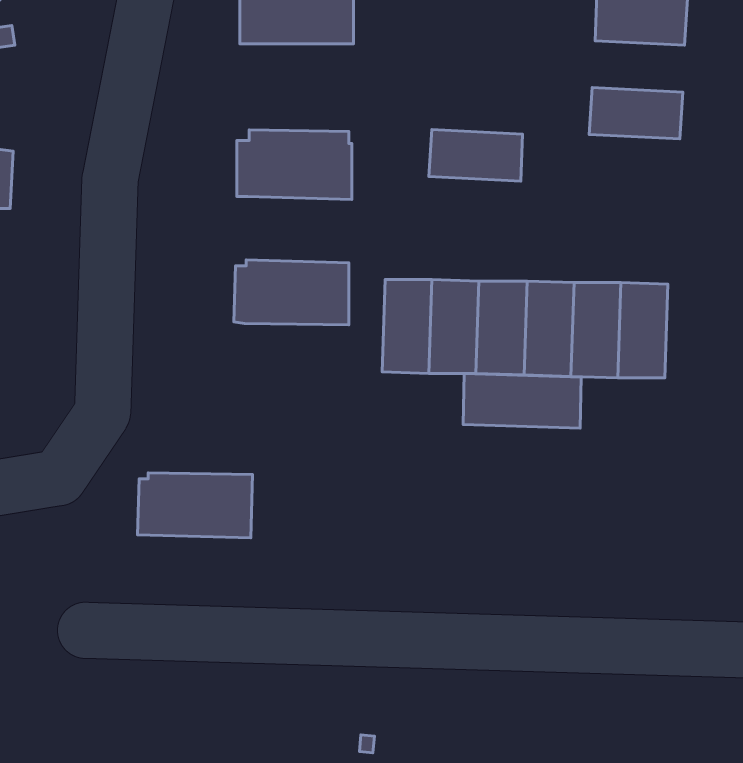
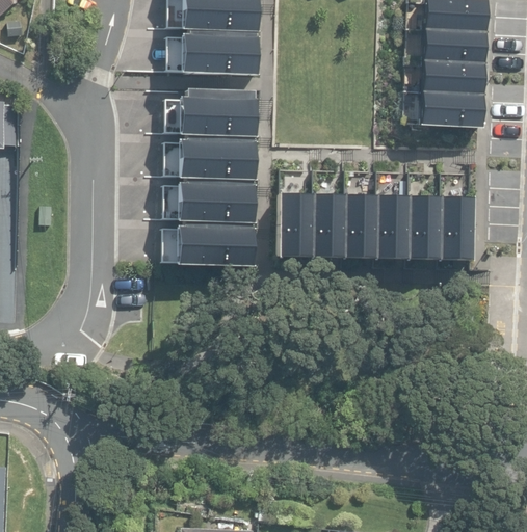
building: none -> [422,28,485,63]
building: none -> [179,30,258,75]
building: [429,130,522,181] -> [418,92,482,128]
building: none -> [177,135,257,181]
building: [463,373,581,428] -> none
building: [138,473,252,538] -> [176,222,255,267]

